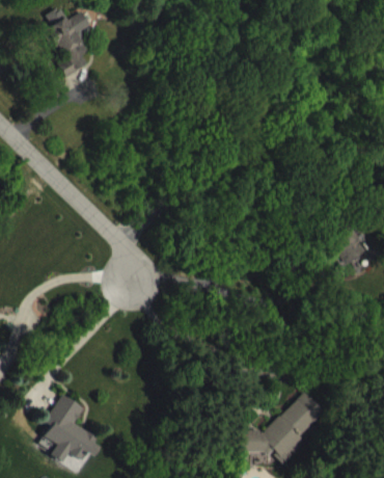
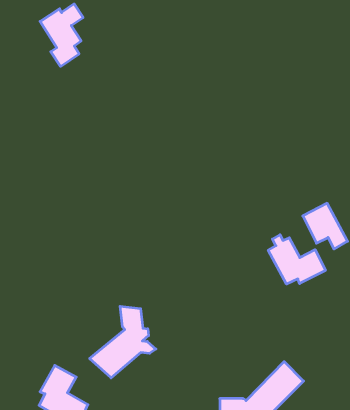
building: none -> [268,235,325,284]
building: none -> [90,306,156,378]

